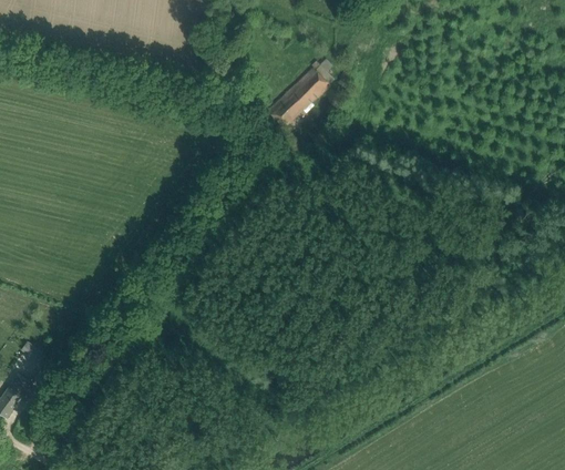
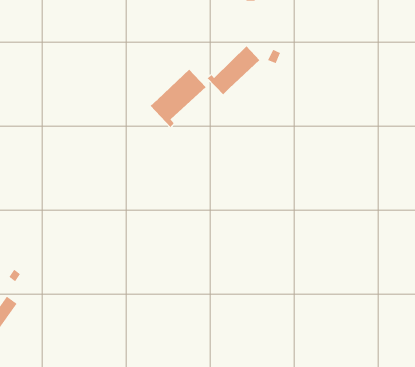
building: none -> [150,69,206,128]

